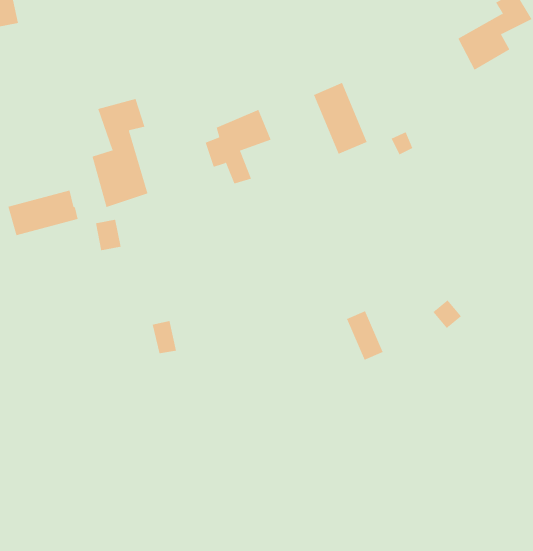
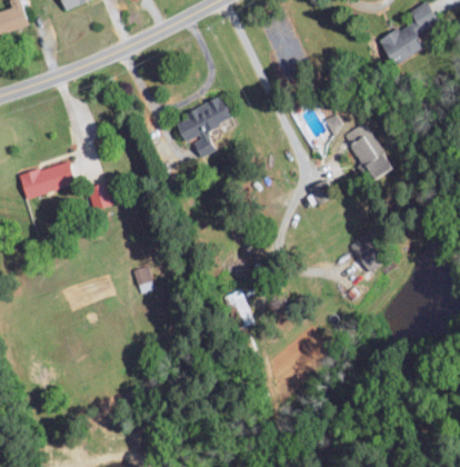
building: [313,82,367,155] -> [349,122,392,180]
building: [92,98,148,208] -> none
building: [346,311,384,361] -> [227,289,257,329]

